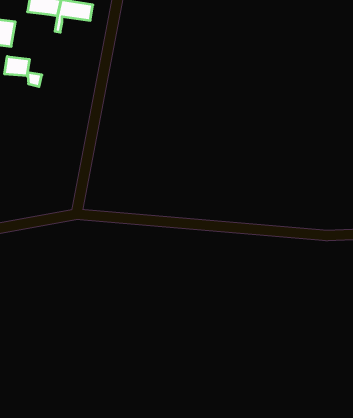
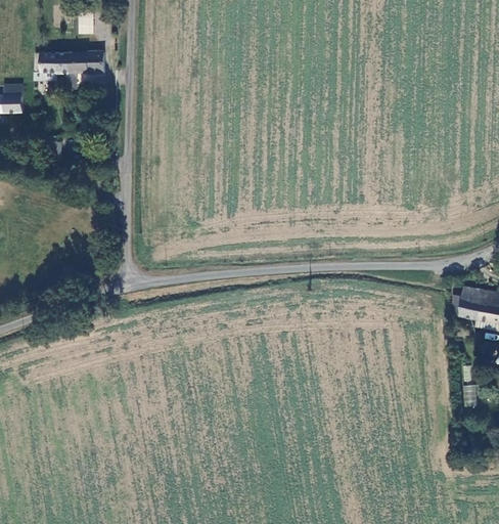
building: [5,56,29,76] -> none

